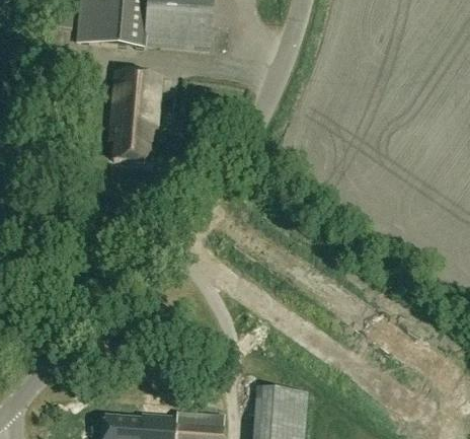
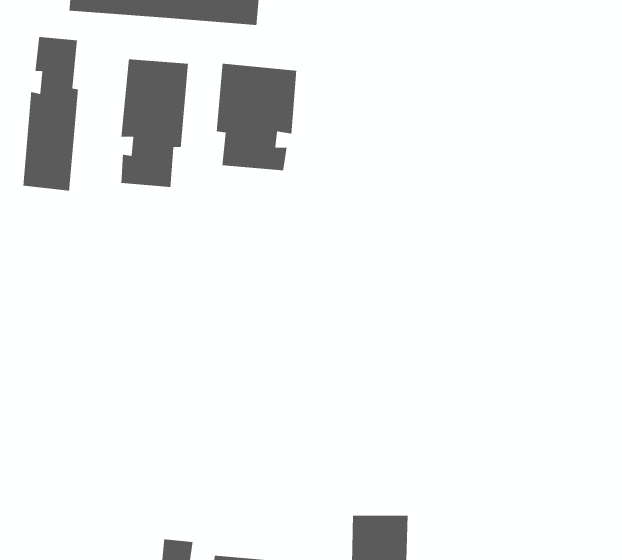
building: none -> [23,36,79,191]
building: none -> [216,63,297,171]

